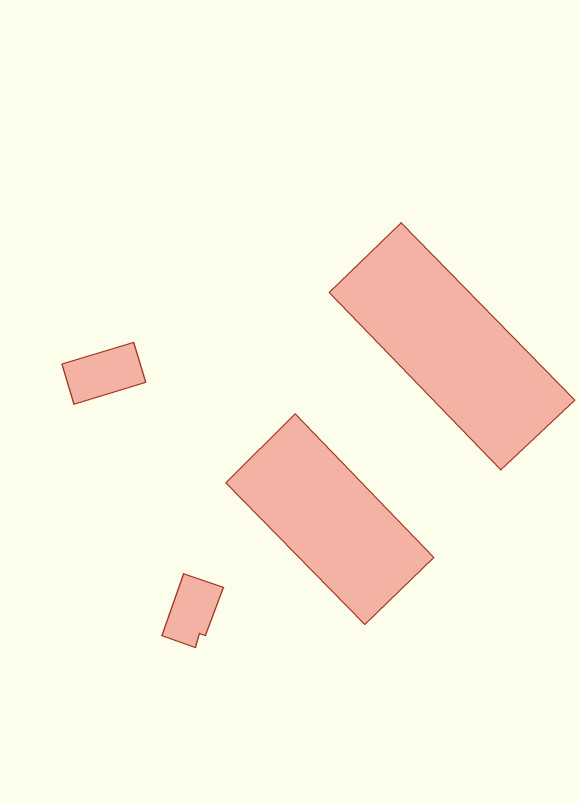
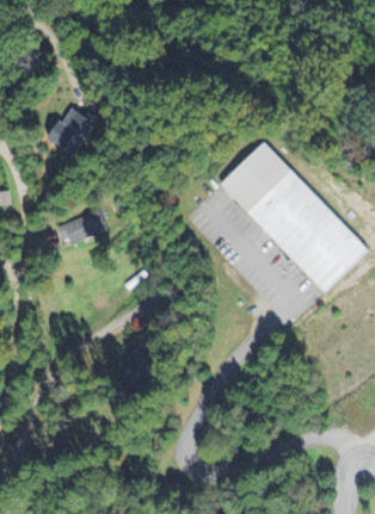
building: none -> [50,104,98,157]
building: [226,414,434,624] -> none

